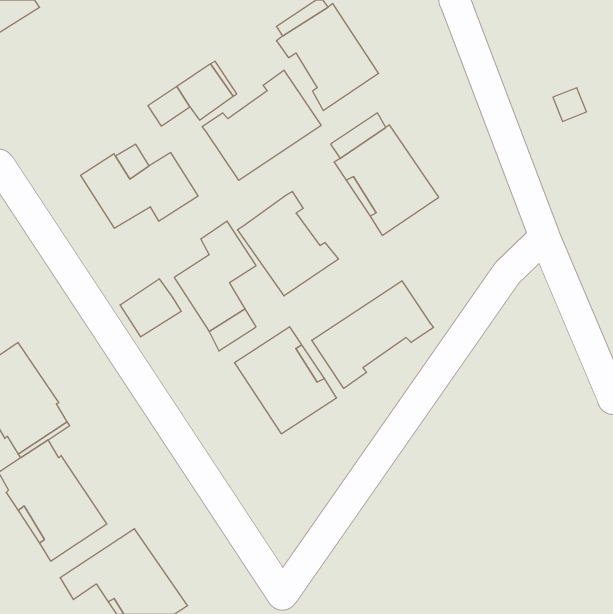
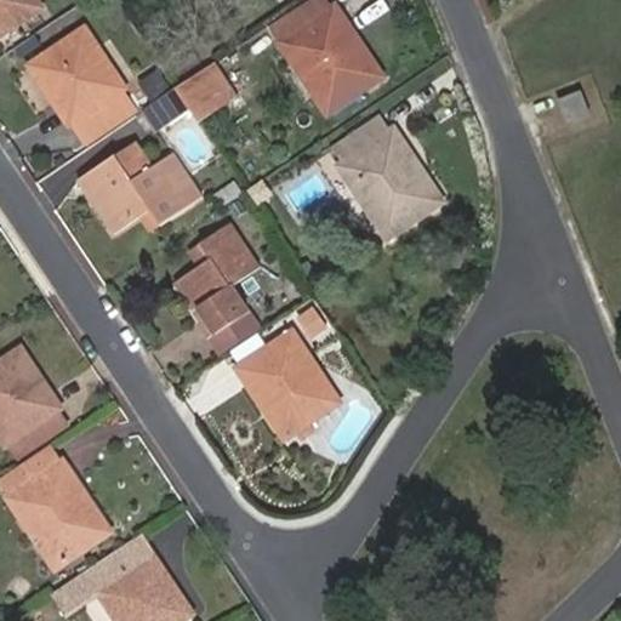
building: none -> [32,28,136,138]
building: [202,70,321,180] -> none
building: [238,191,338,296] -> none
building: [120,279,181,337] -> none
building: [312,281,433,388] -> none

